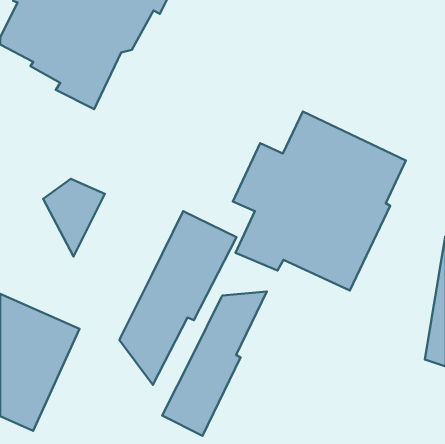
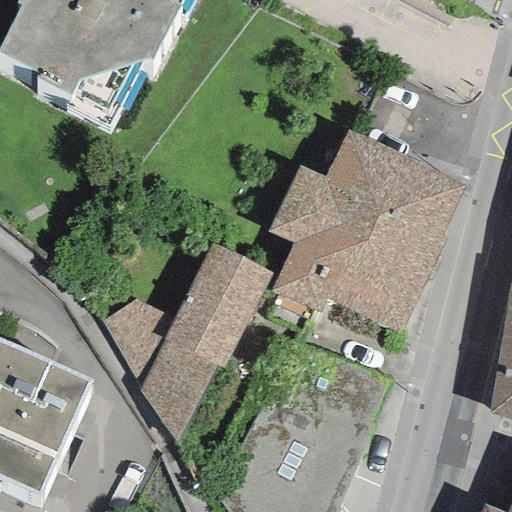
building: [43,179,105,257] -> [104,298,175,387]
building: [162,291,267,436] -> none

